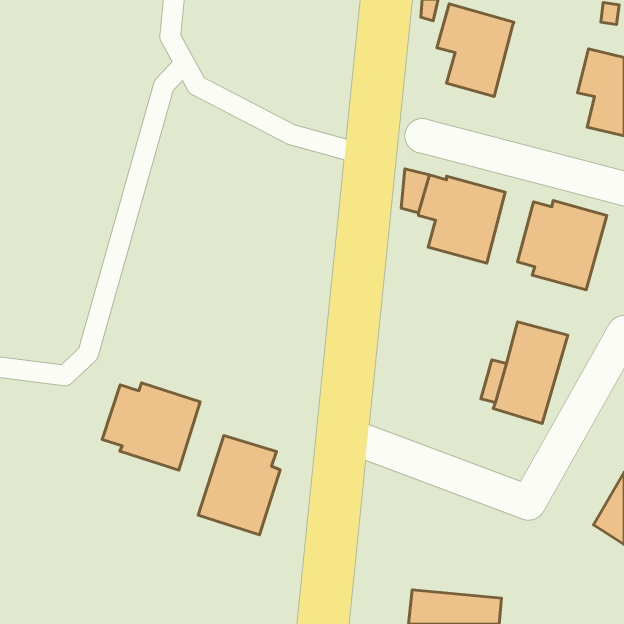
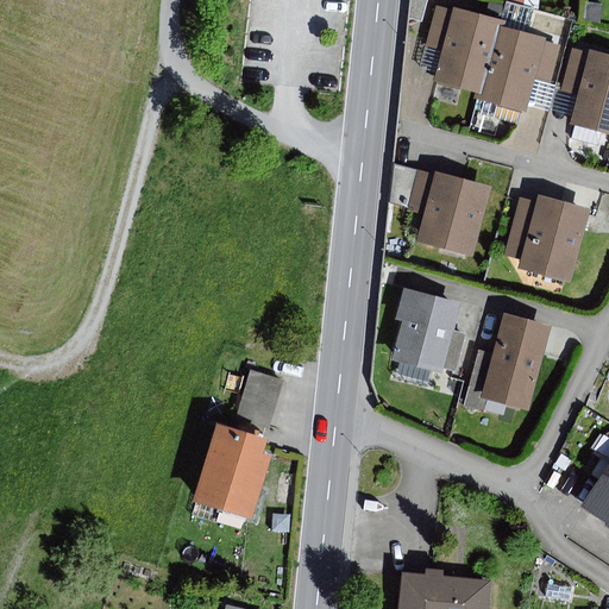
building: none -> [478,25,560,112]
building: none -> [391,289,465,373]
building: none -> [234,370,281,426]
building: [102,383,200,470] -> none

